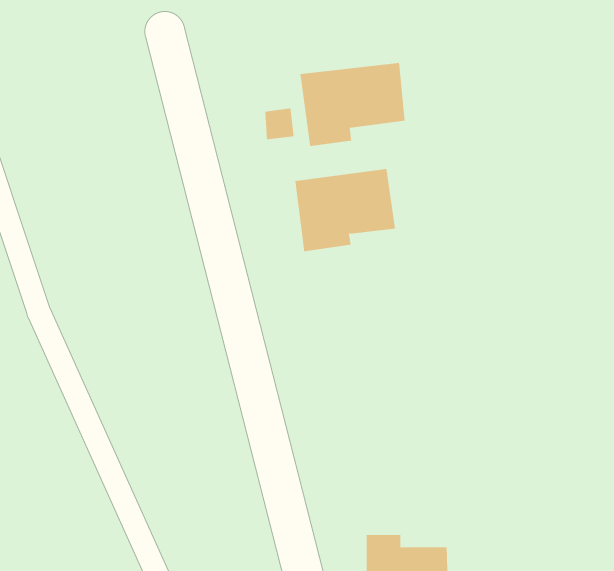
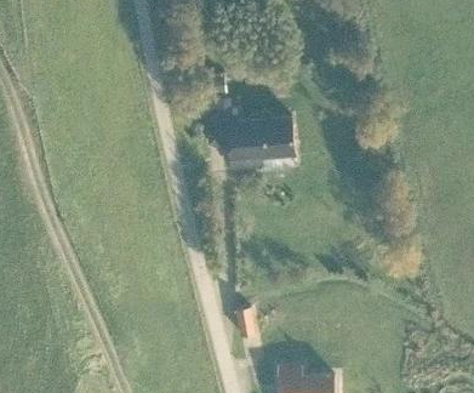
building: [300,62,405,147] -> none

